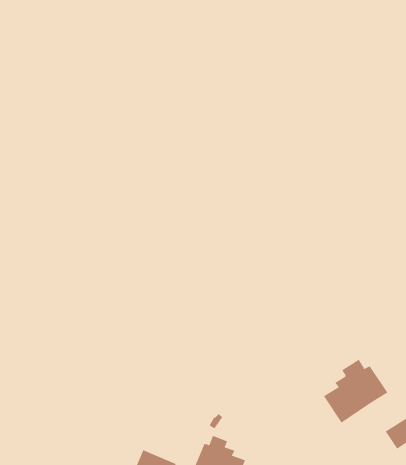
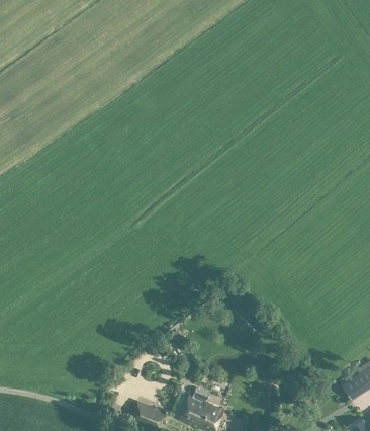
building: [323,359,388,423] -> none

